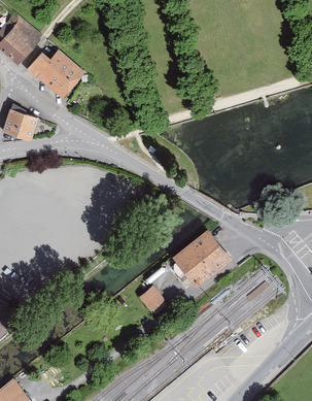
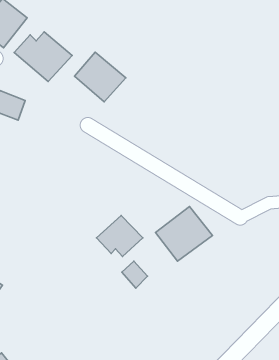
building: none -> [74,52,126,102]
building: none -> [96,215,143,256]

